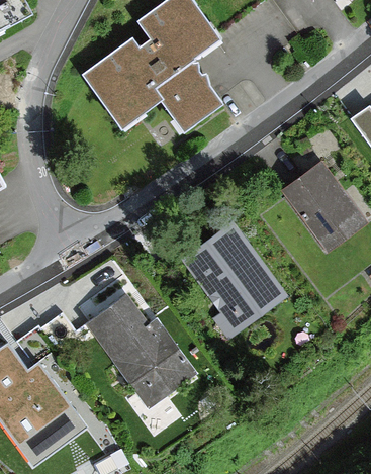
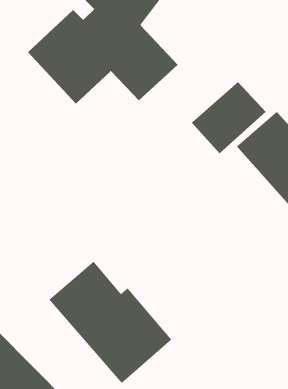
building: none -> [191,81,266,154]
building: [181,223,286,333] -> none

